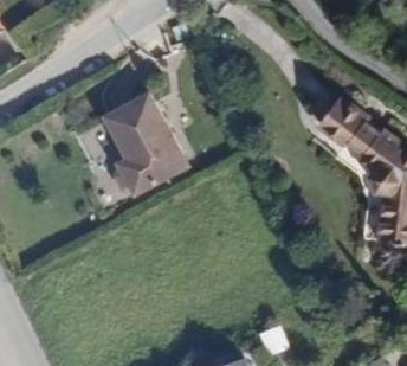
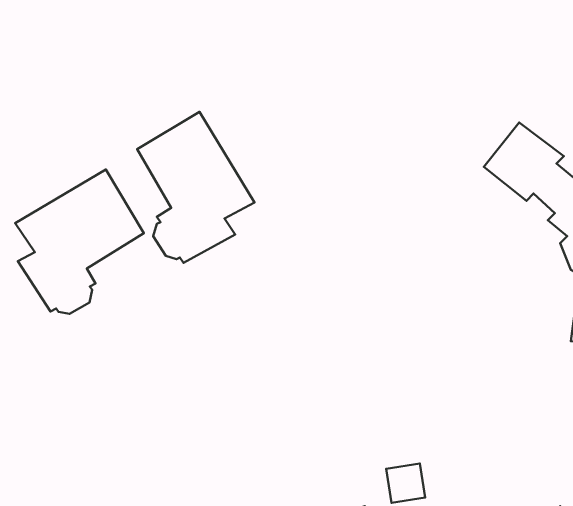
building: none -> [15,170,144,314]

